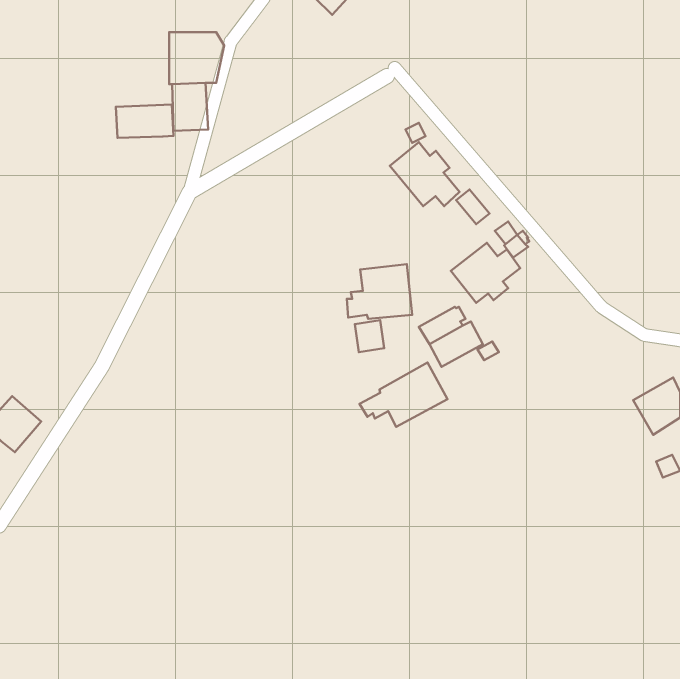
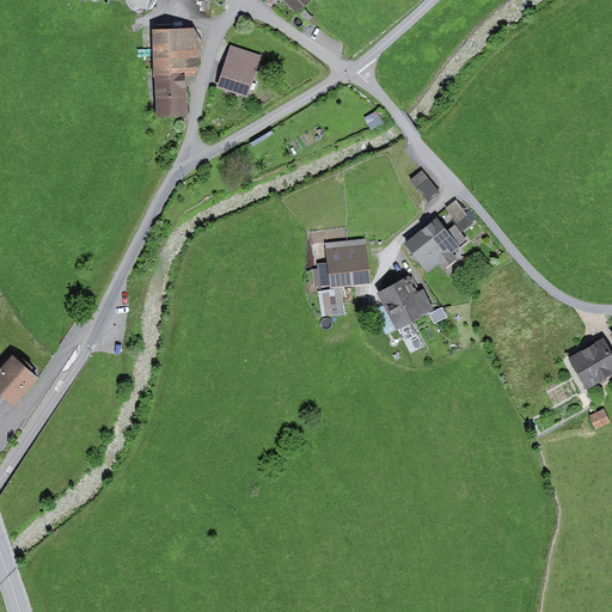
building: none -> [216,45,261,97]
building: [116,105,174,138] -> none
building: [390,142,460,206] -> none
building: [359,363,448,427] -> none

